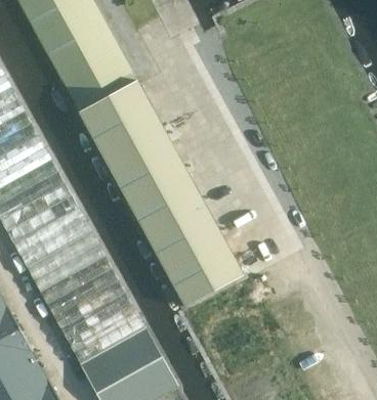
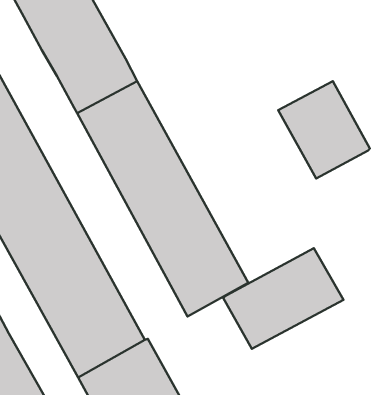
building: none -> [278,81,370,179]
building: none -> [223,248,343,349]

